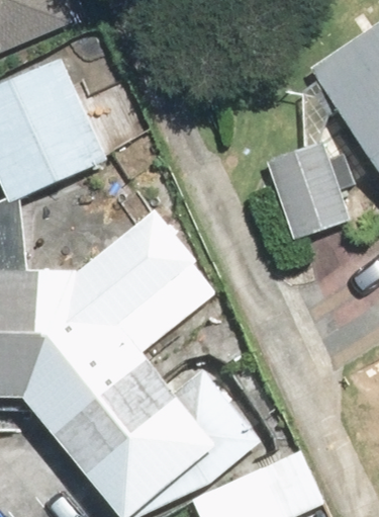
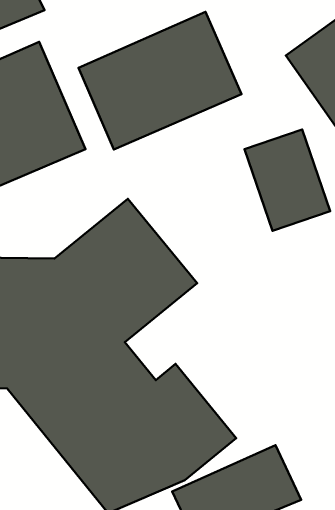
building: none -> [79,12,242,150]

